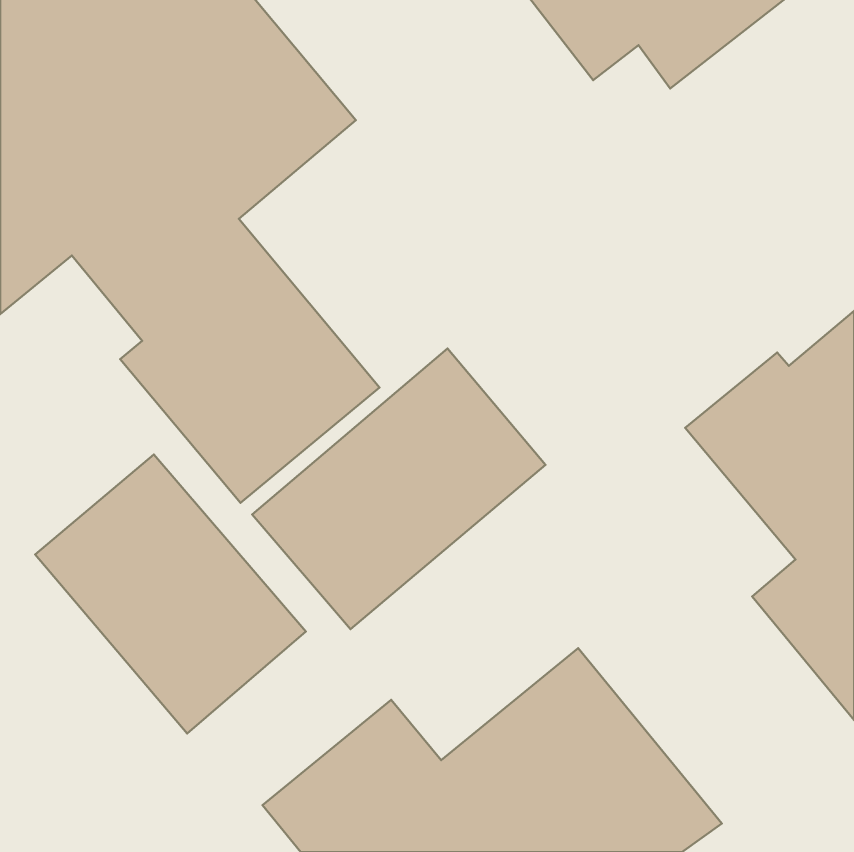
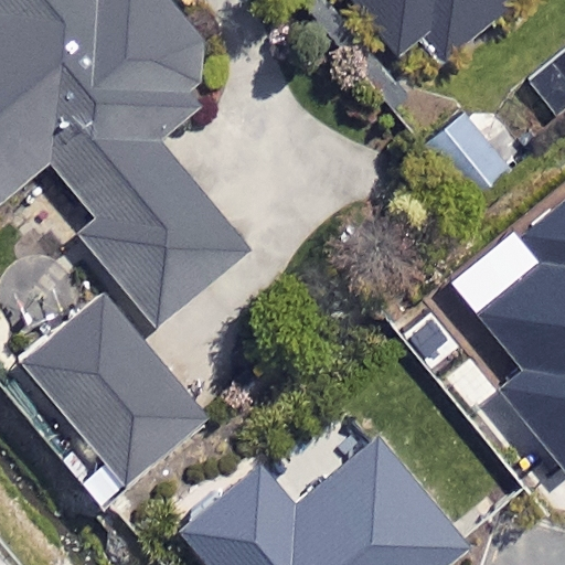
building: [252,348,545,629] -> none

